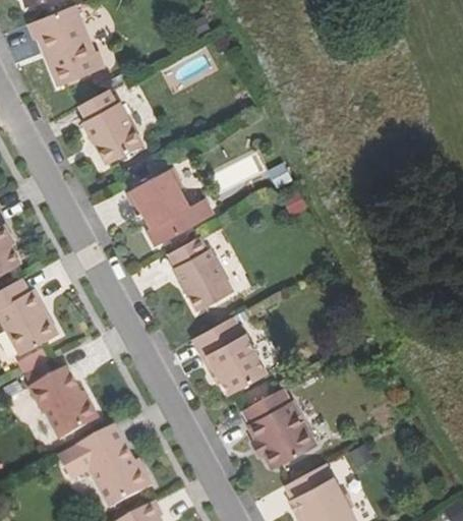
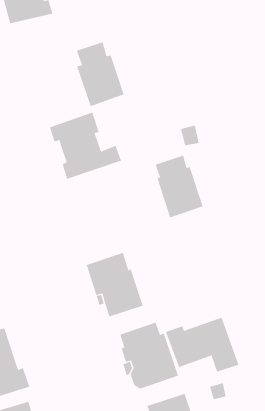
building: [78,90,140,165] -> [76,41,124,107]
building: [169,237,231,310] -> [155,155,203,218]
building: none -> [165,317,239,373]

